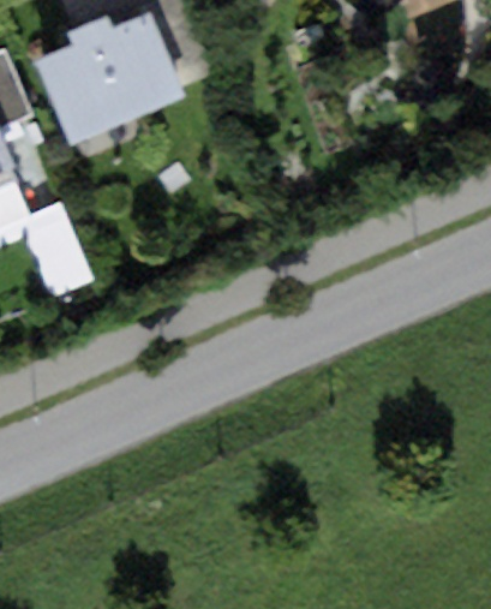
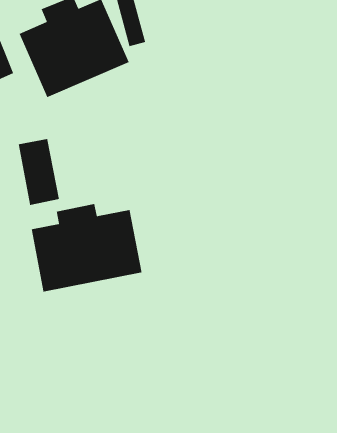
building: none -> [31,203,142,292]

